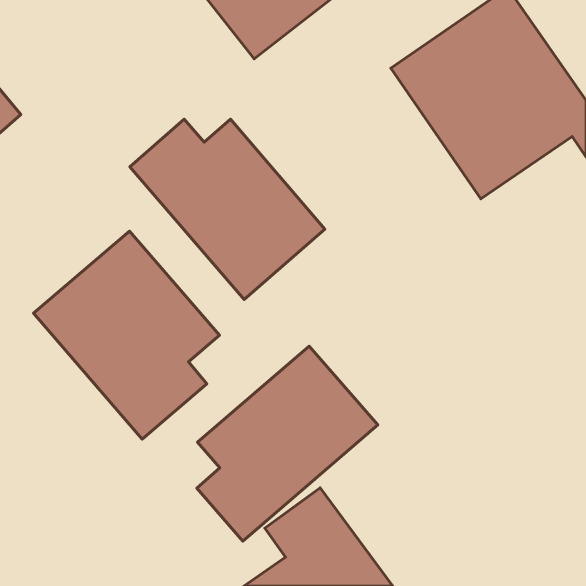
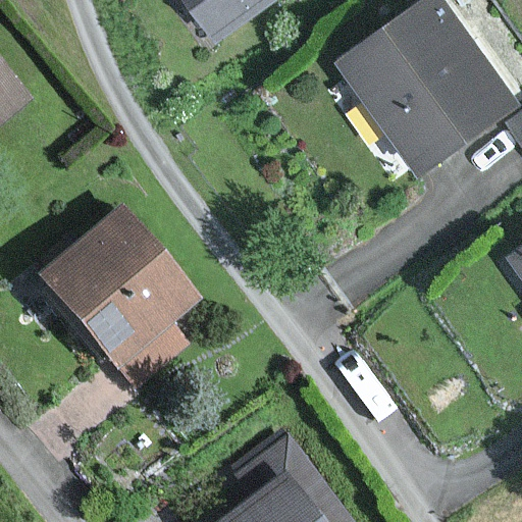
building: [130,119,325,299] -> none
building: [197,346,378,541] -> none

